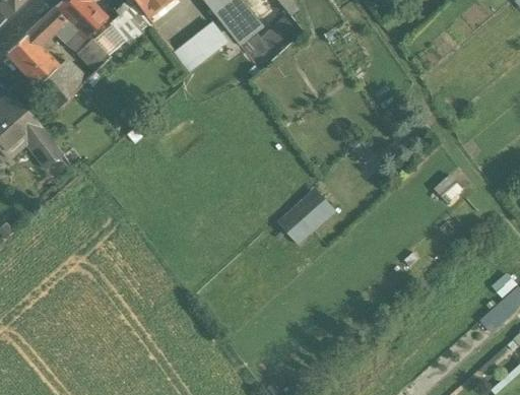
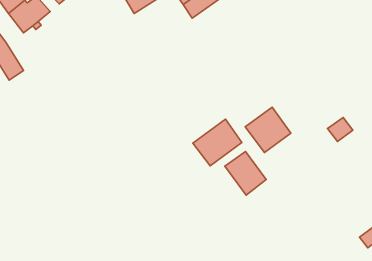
building: none -> [245,107,291,152]
building: none -> [225,151,266,195]

